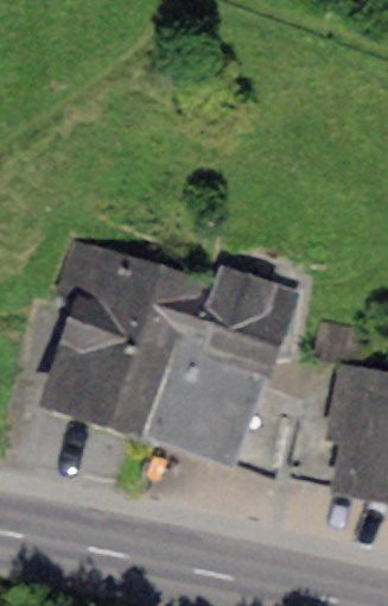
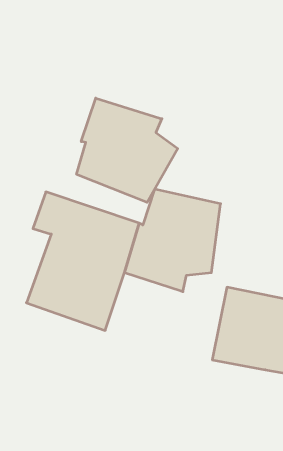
building: none -> [77,98,178,202]
building: [148,360,287,480] -> none

